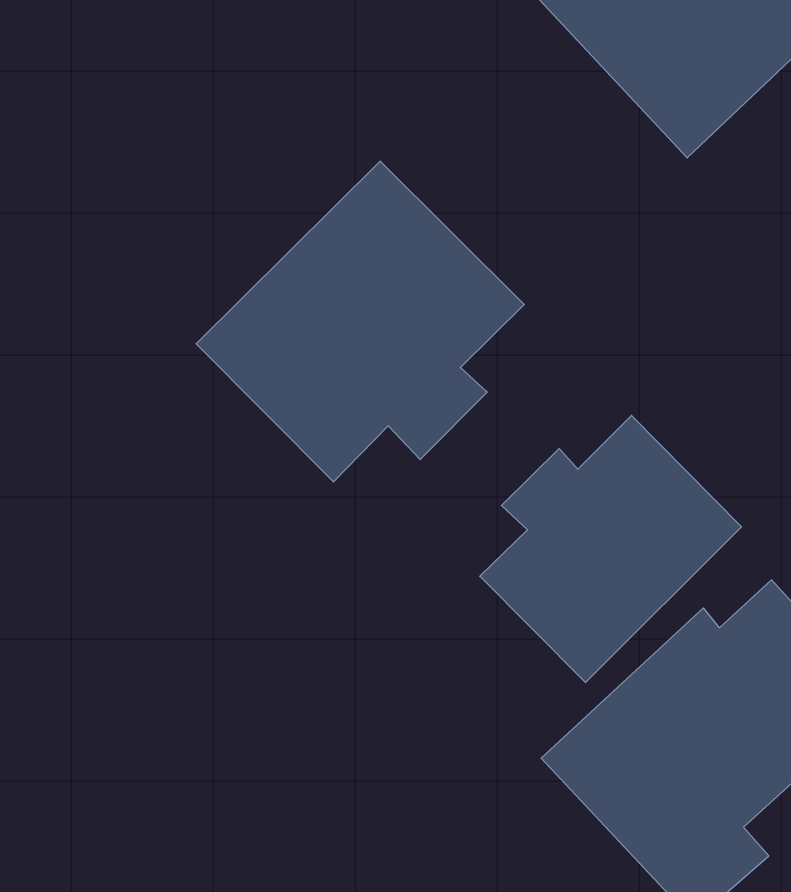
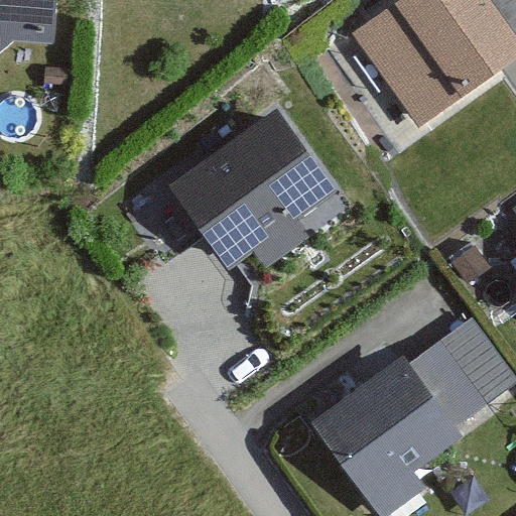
building: [480,415,741,683] -> none

